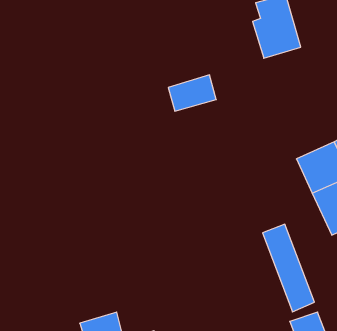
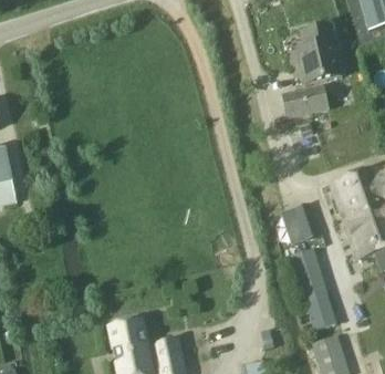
building: [168,75,216,111] -> [283,84,329,116]
building: none -> [279,202,321,242]

